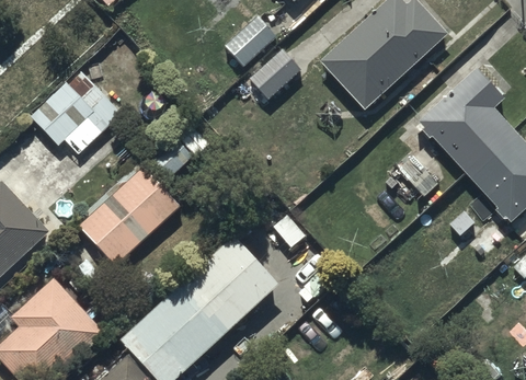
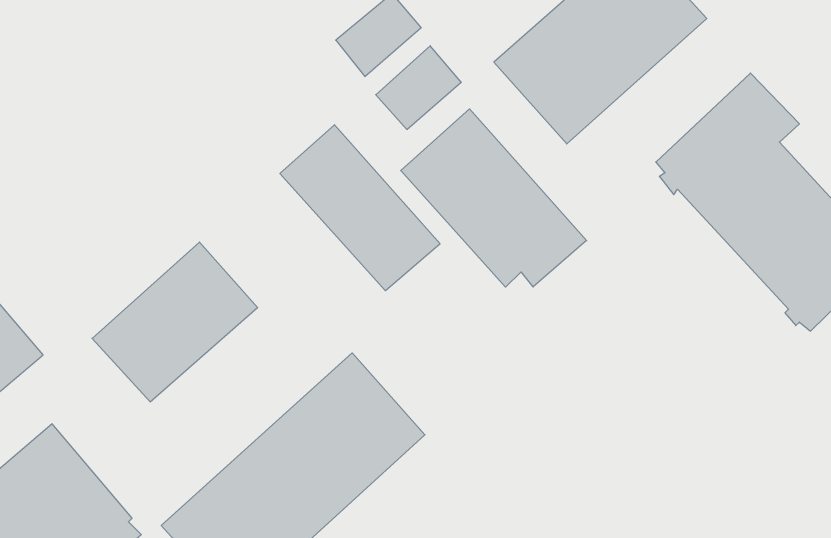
building: [28,72,121,156] -> none
building: none -> [401,109,587,287]
building: none -> [280,125,440,291]

